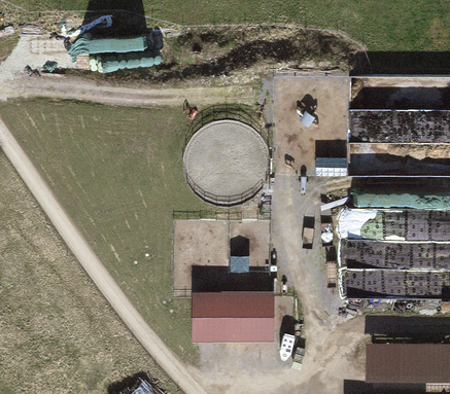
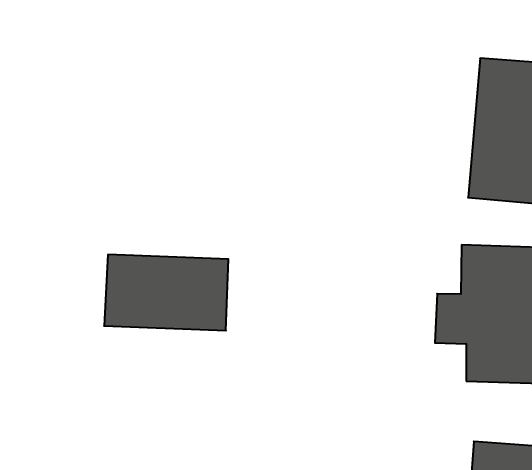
building: [195,294,280,347] -> [104,255,228,331]

